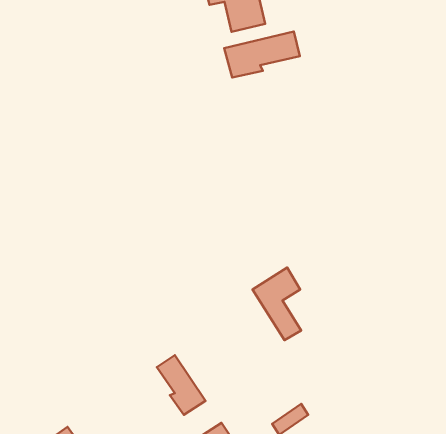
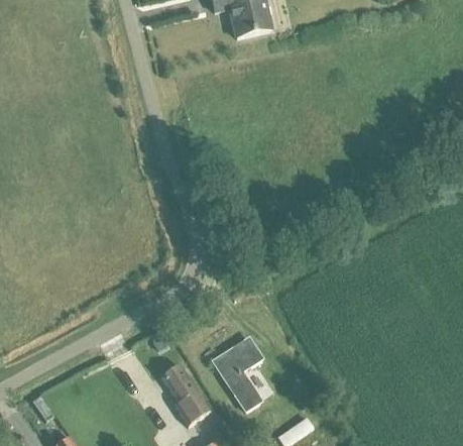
building: [224,32,300,77] -> none
building: [253,268,301,340] -> [213,338,262,412]

